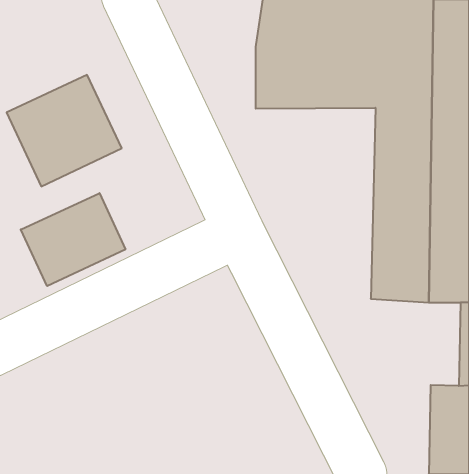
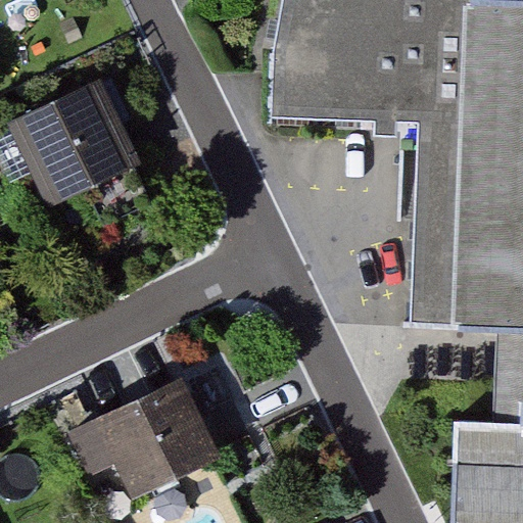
building: [21,193,125,286] -> none
building: none -> [77,377,225,511]

